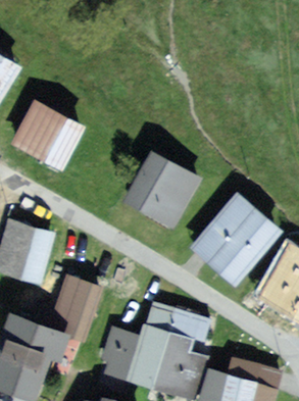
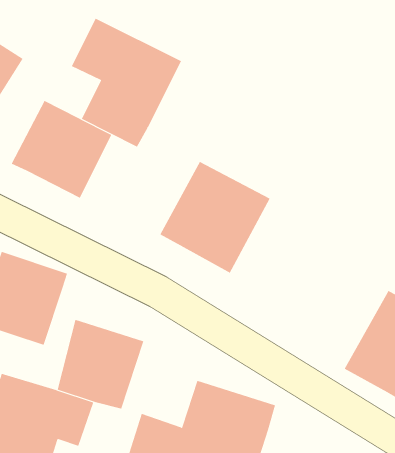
building: none -> [71,18,182,148]
building: [193,193,281,282] -> none

